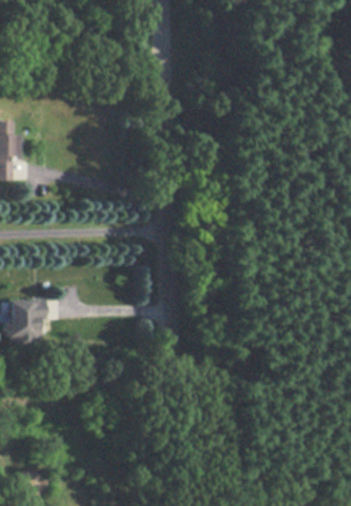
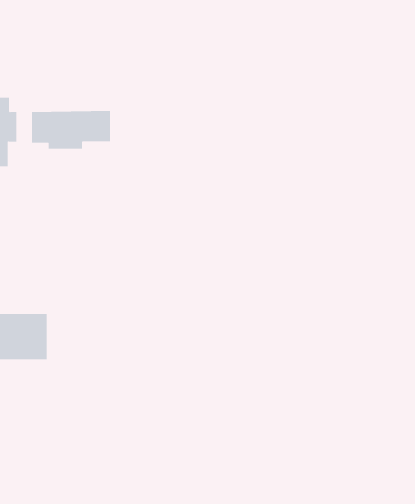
building: none -> [32,110,111,150]

